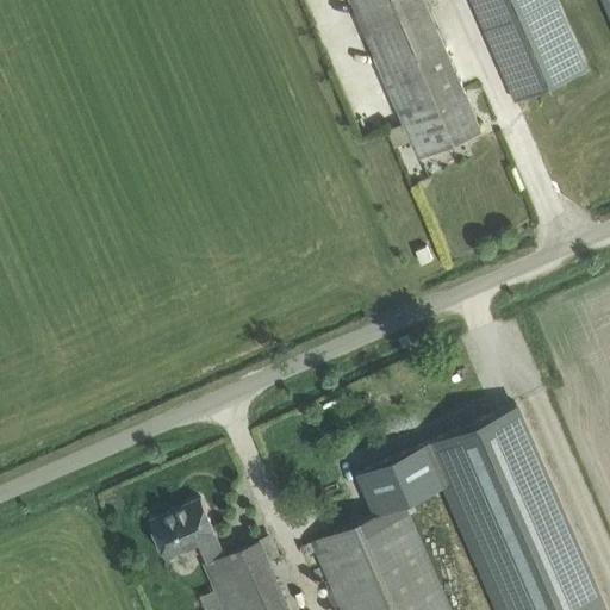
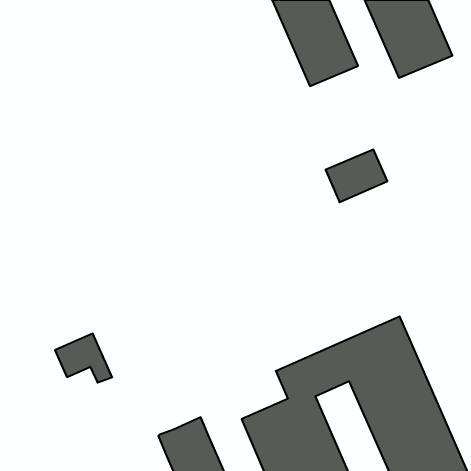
building: [399,87,479,155] -> [325,150,387,202]
building: [150,499,224,562] -> [55,334,112,383]

